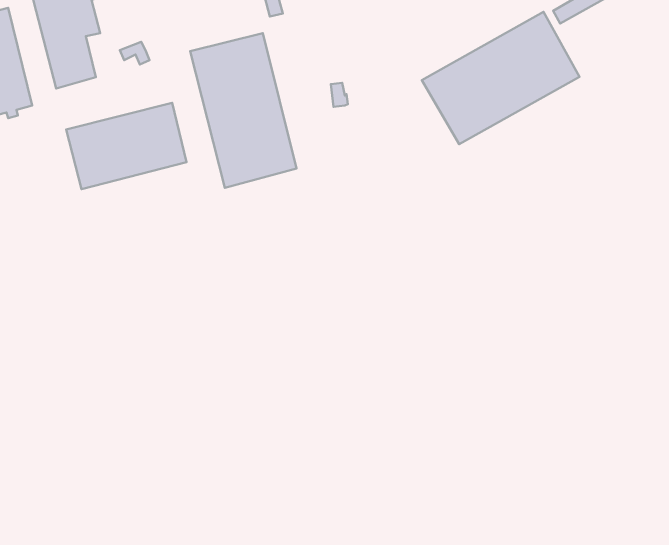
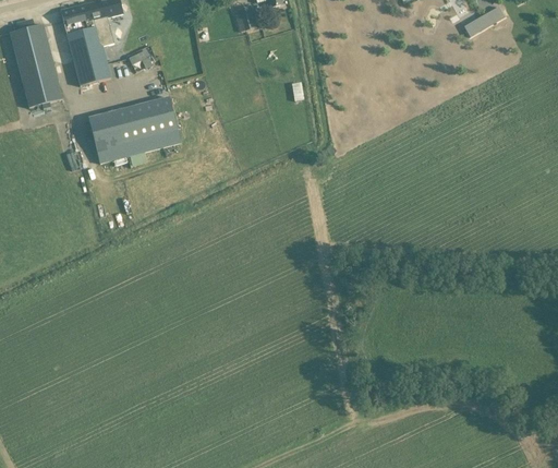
building: [422,12,579,144] -> none
building: [190,33,297,188] -> none

